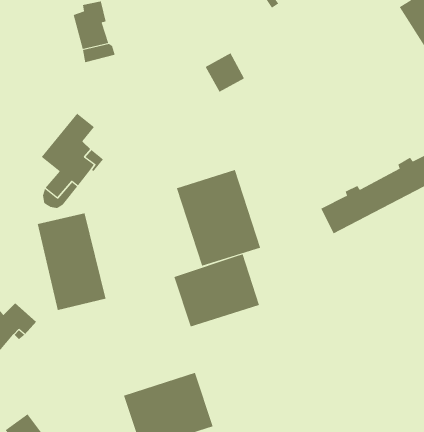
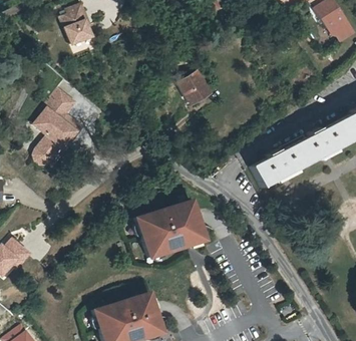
building: [205,53,245,93] -> [176,70,208,101]
building: [176,169,261,267] -> none
building: [37,213,106,311] -> none

